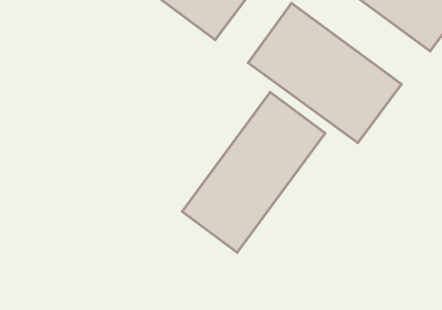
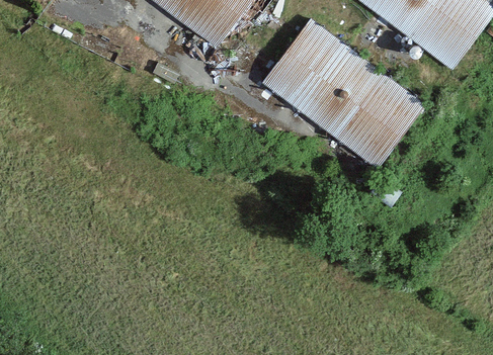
building: [182,92,325,253] -> none

